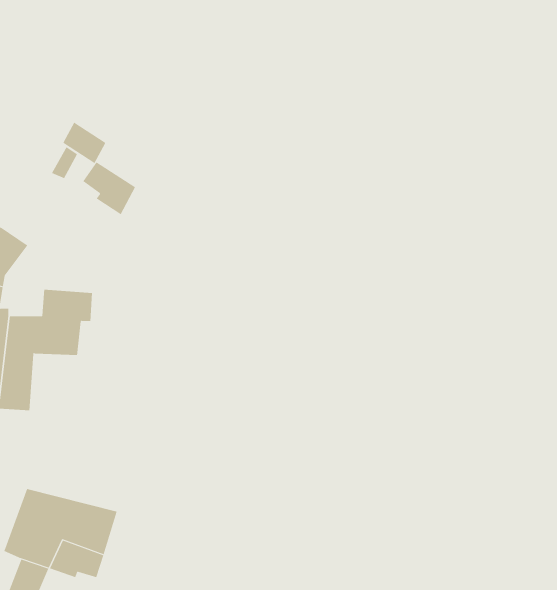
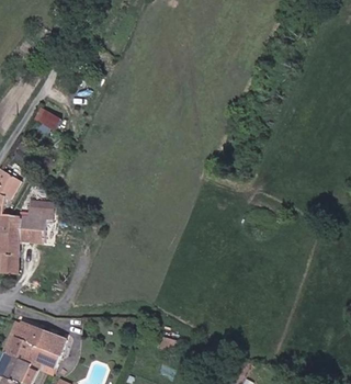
building: [83,161,136,215] -> none

